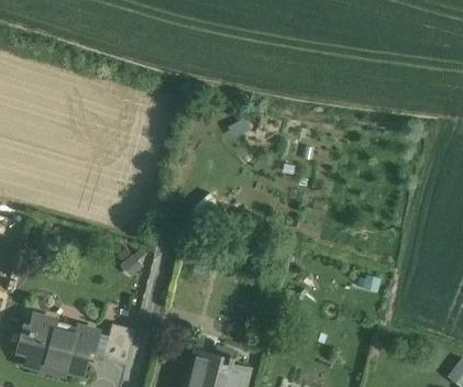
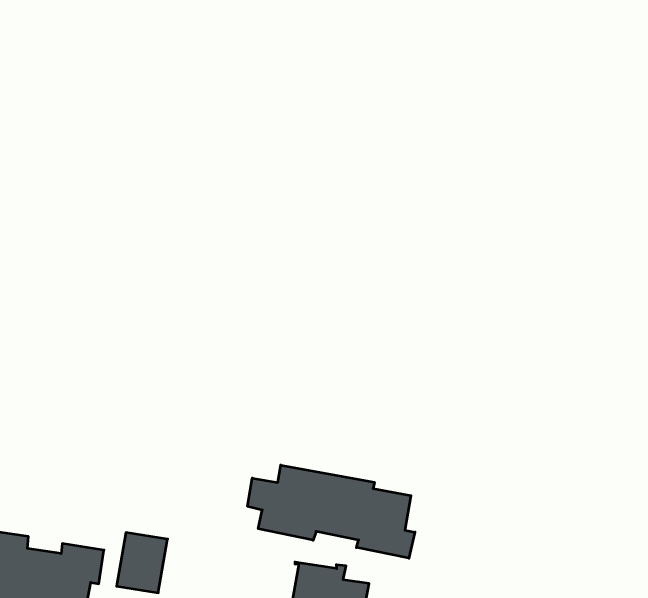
building: none -> [248,465,415,558]

